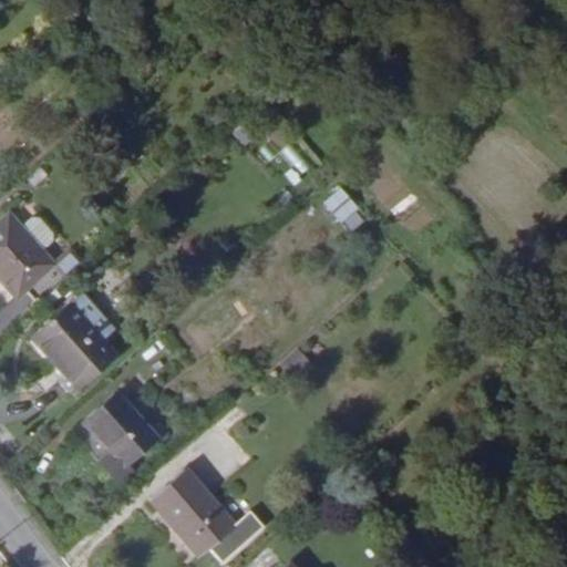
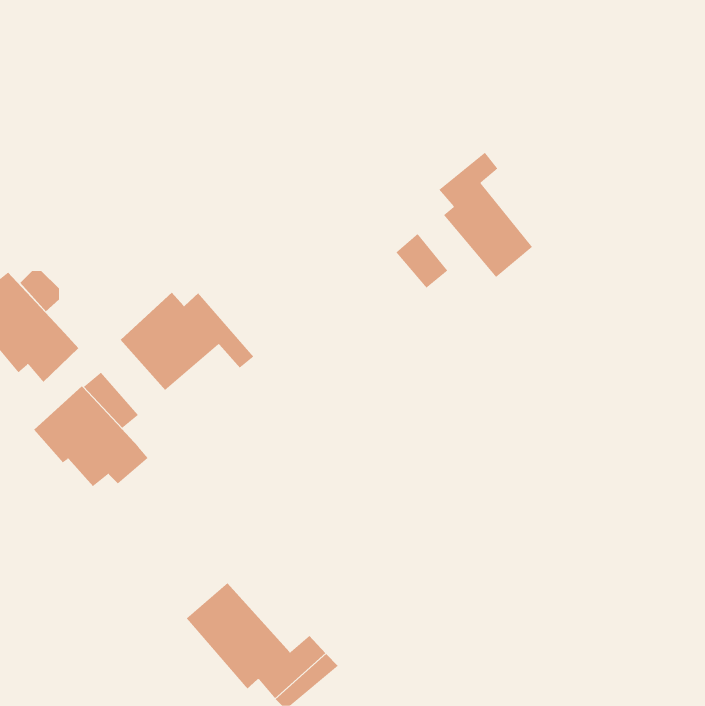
building: none -> [438,152,533,278]
building: none -> [120,292,254,391]
building: [74,392,156,497] -> none

